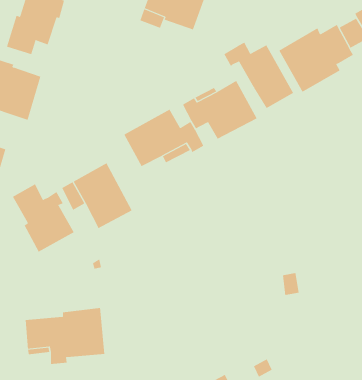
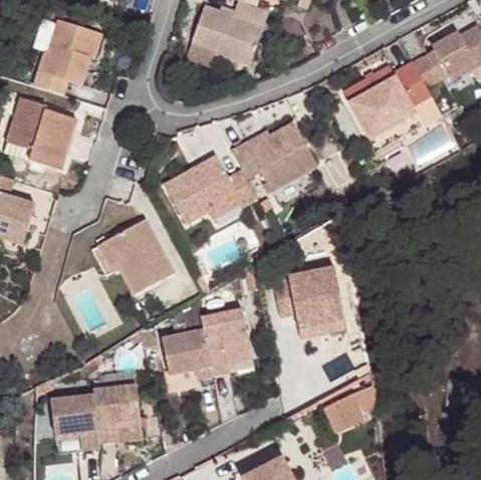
building: [224,42,294,109] -> none
building: [12,184,75,253] -> none
building: none -> [273,268,344,328]
building: none -> [166,295,255,392]

